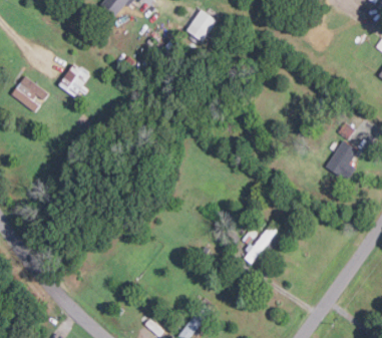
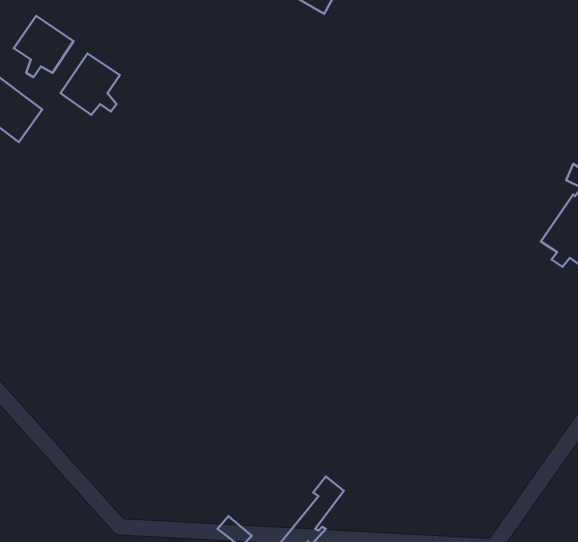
building: none -> [14,16,73,77]
building: [245,226,277,265] -> none

